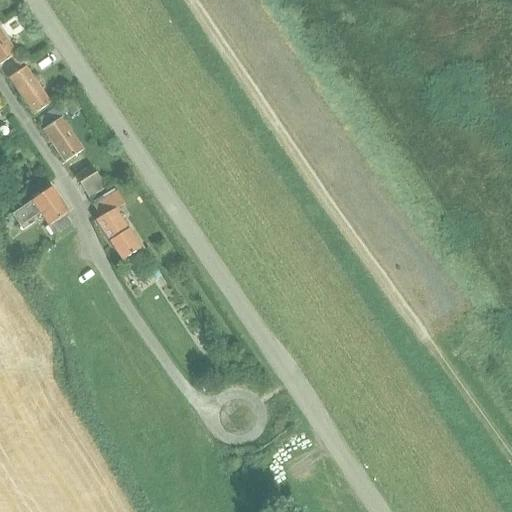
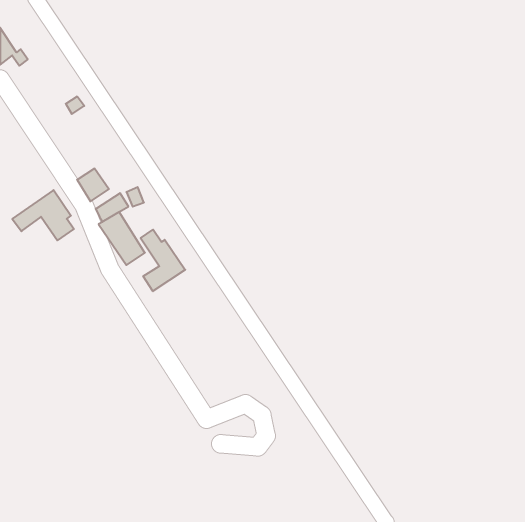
building: [9,64,51,113] -> none
building: [40,104,83,160] -> none
building: none -> [141,230,185,291]

